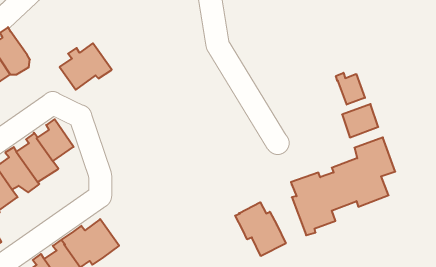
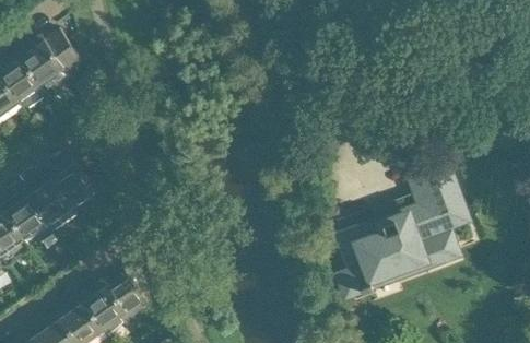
building: [60,43,112,90] -> [25,32,85,85]
building: [336,73,365,105] -> none
building: [235,202,286,256] -> none

